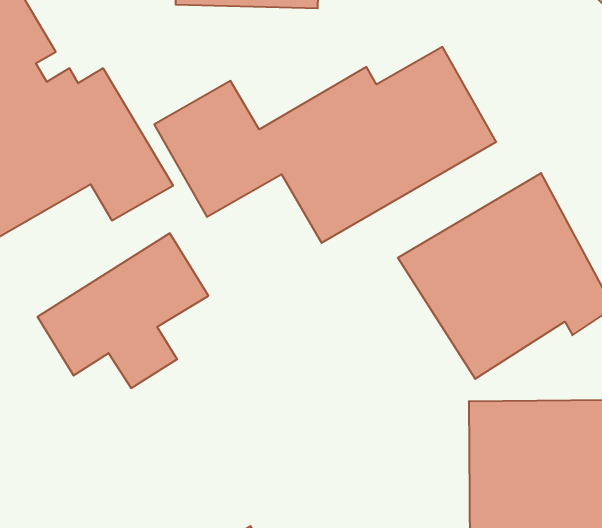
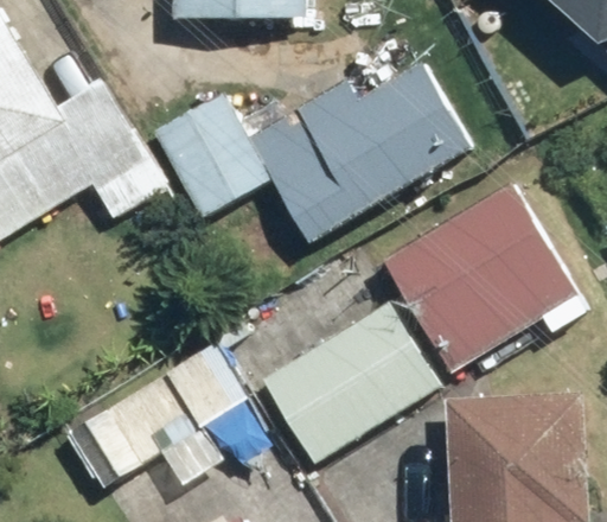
building: [37,233,208,388] -> [87,339,249,486]
building: none -> [260,301,442,467]

